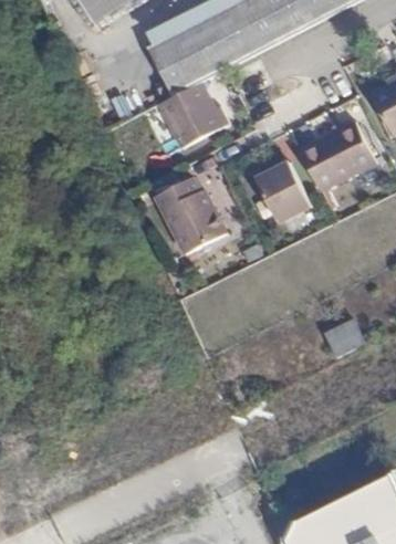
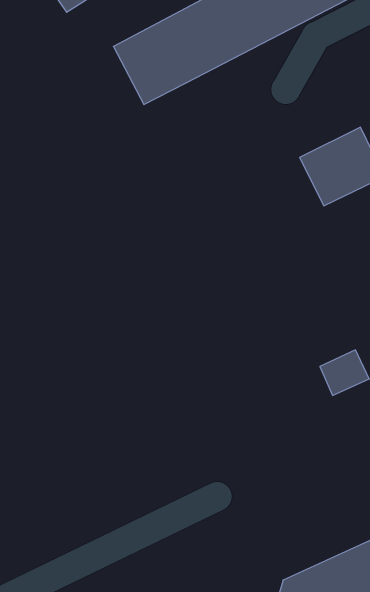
building: [147,83,230,154] -> none
building: [259,159,313,220] -> none
building: [158,179,228,253] -> none

